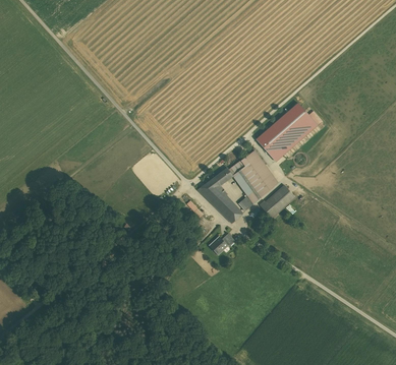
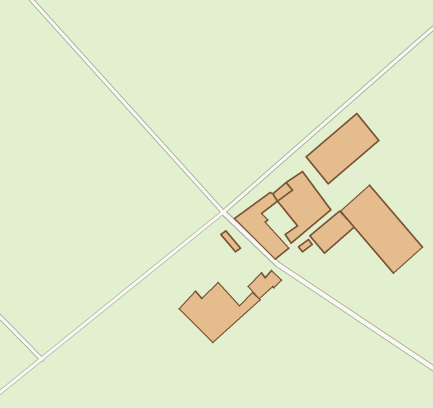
building: none -> [341,185,423,273]
building: none -> [179,282,260,343]

